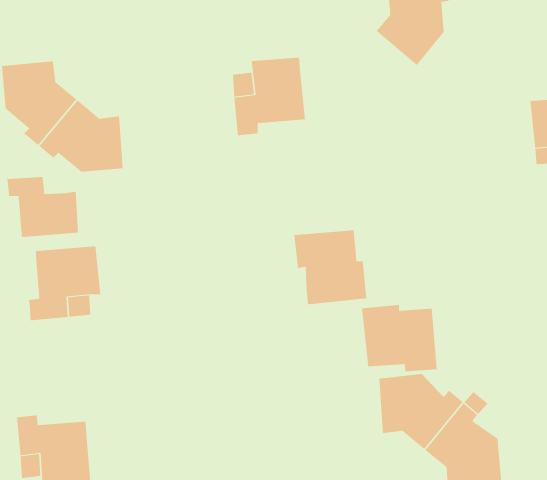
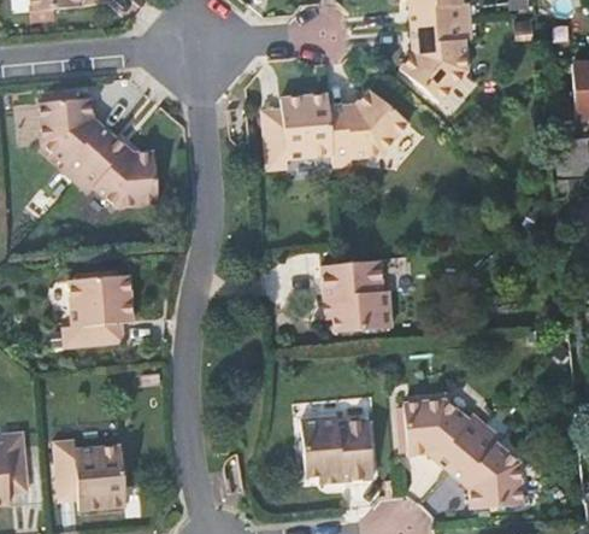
building: none -> [329,89,408,165]
building: [7,176,79,238] -> none
building: [361,304,437,372] -> [300,416,373,481]

